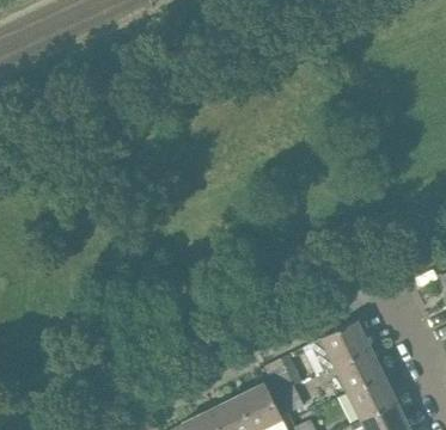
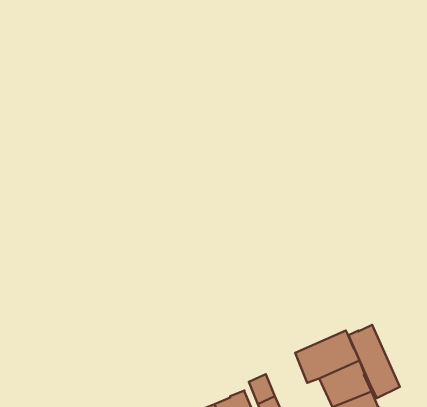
building: none -> [348,325,400,398]

